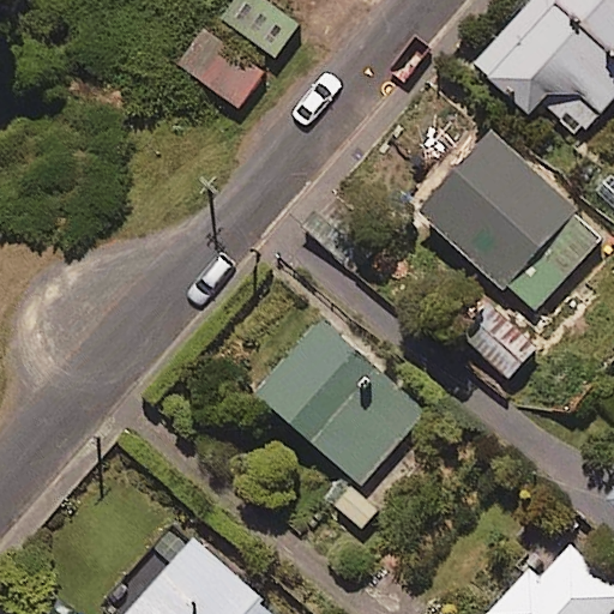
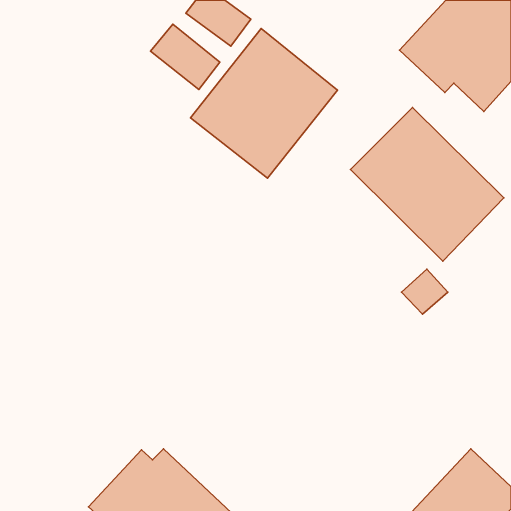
building: none -> [191,29,337,178]
building: [255,320,425,487] -> none

